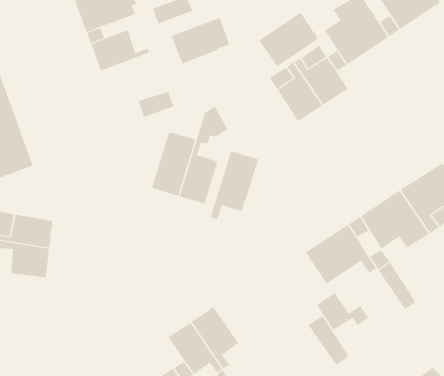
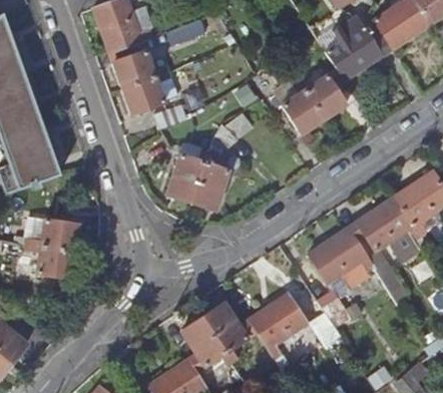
building: [259,12,317,67] -> none
building: [171,17,230,64] -> [121,71,175,114]
building: [210,150,259,220] -> none
building: none -> [249,293,306,358]

